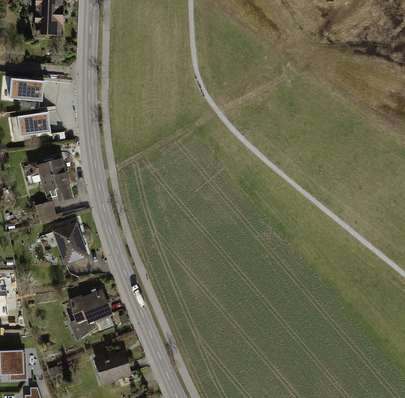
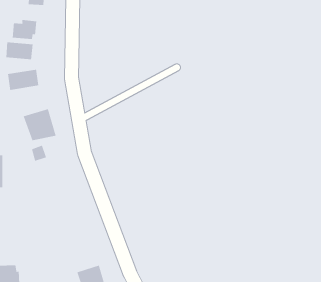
building: none -> [12,19,37,40]
building: [52,220,87,261] -> none
building: [70,288,111,338] -> none

